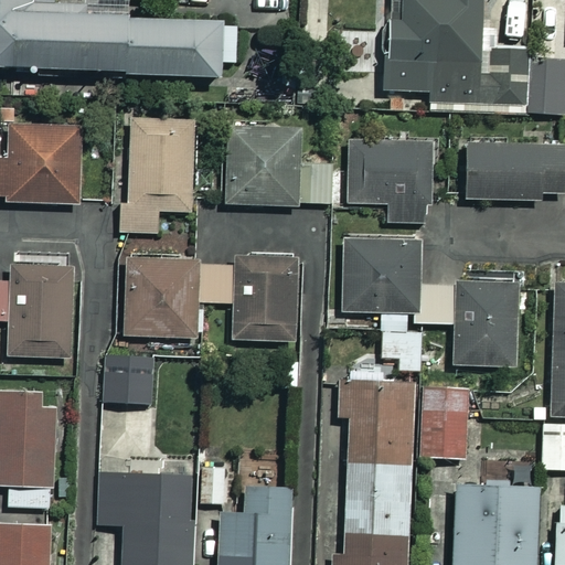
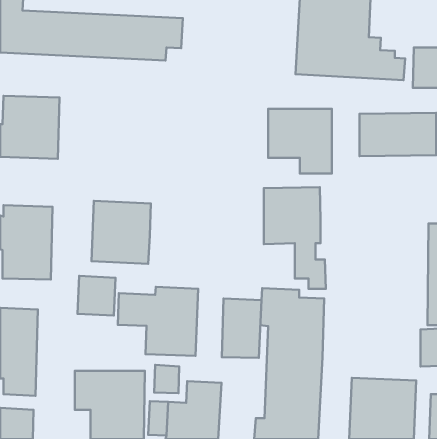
building: [120,117,198,232] -> none
building: [223,127,335,204] -> none
building: [196,253,299,341] -> [118,287,198,356]
building: [415,280,516,365] -> none
building: [417,382,468,458] -> [222,298,261,358]

